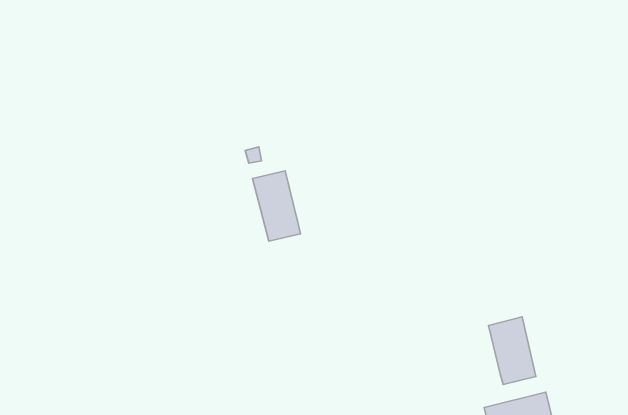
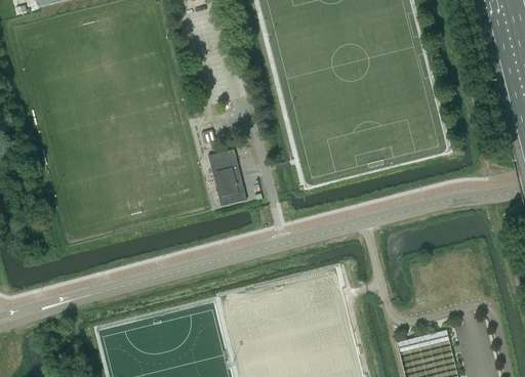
building: [488,317,536,384] -> none

